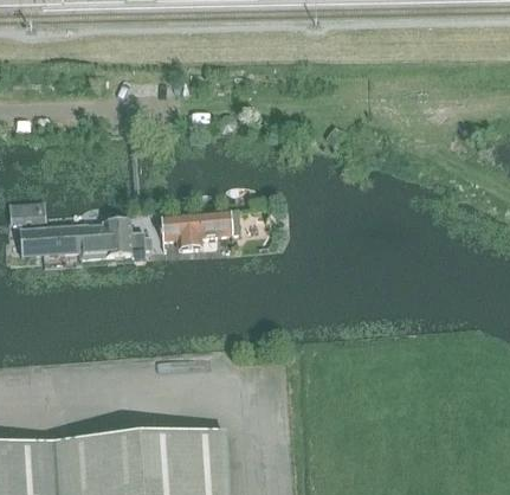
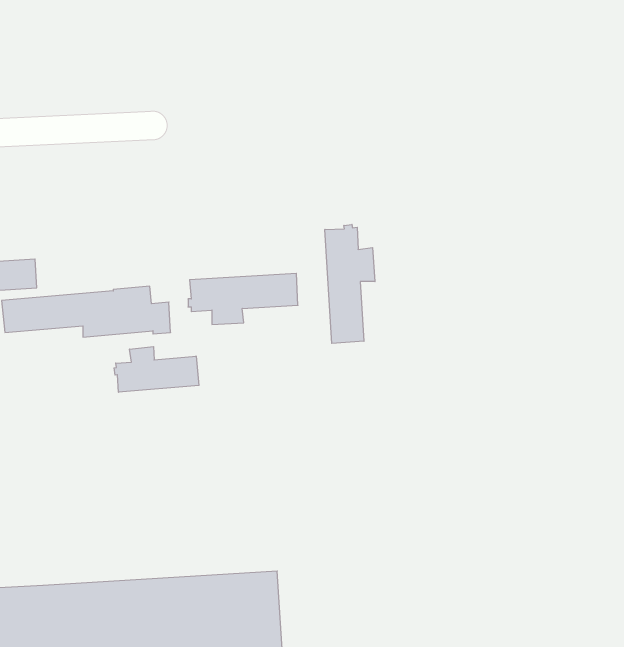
building: none -> [325,224,375,343]
building: none -> [114,347,199,392]

